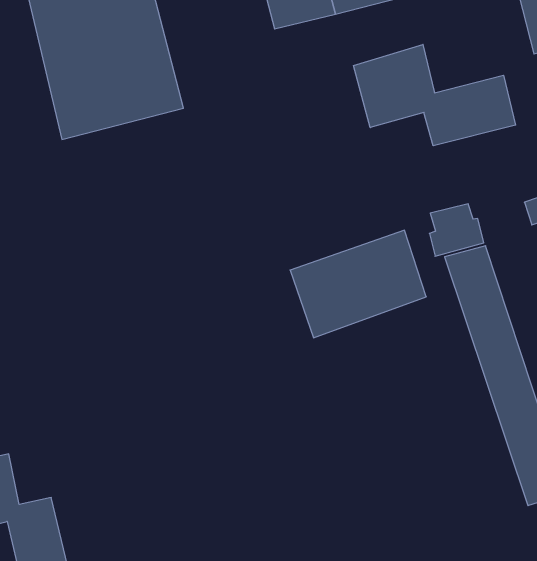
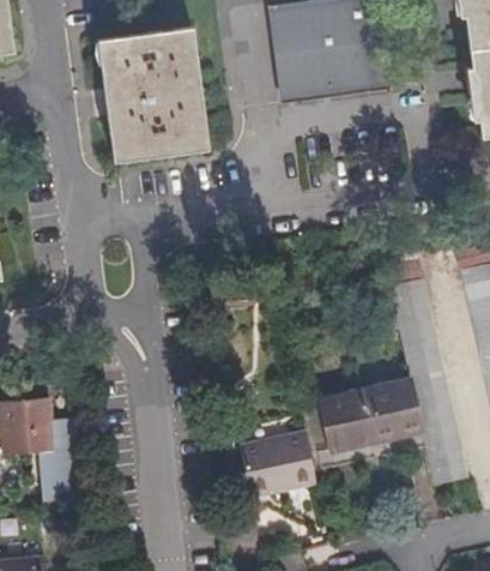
building: [353,44,516,146] -> none
building: [290,230,426,338] -> [319,381,421,456]
building: none -> [230,434,313,498]

